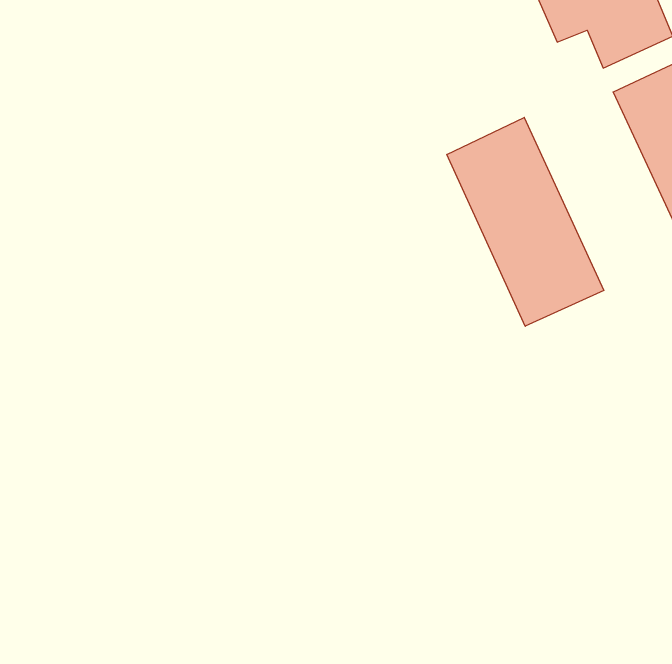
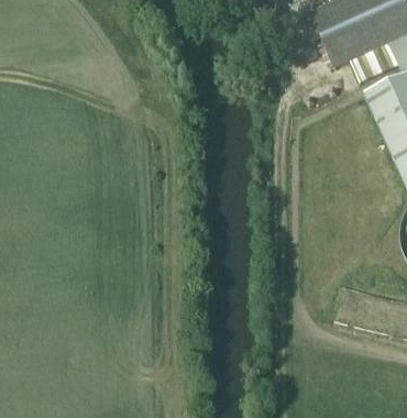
building: [447,117,604,326] -> none

